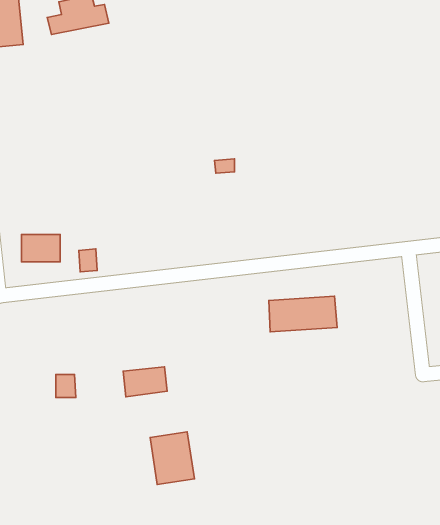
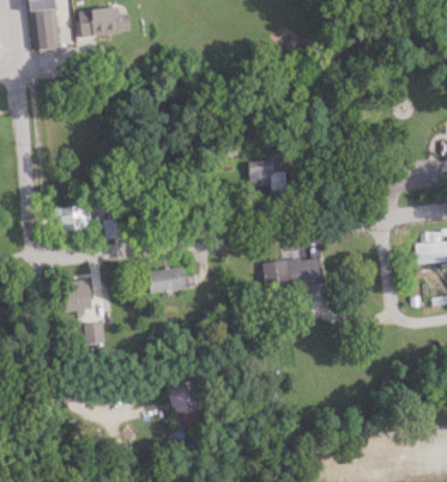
building: none -> [249,160,273,185]
building: none -> [64,281,90,311]
building: [123,367,167,397] -> [147,267,185,292]

